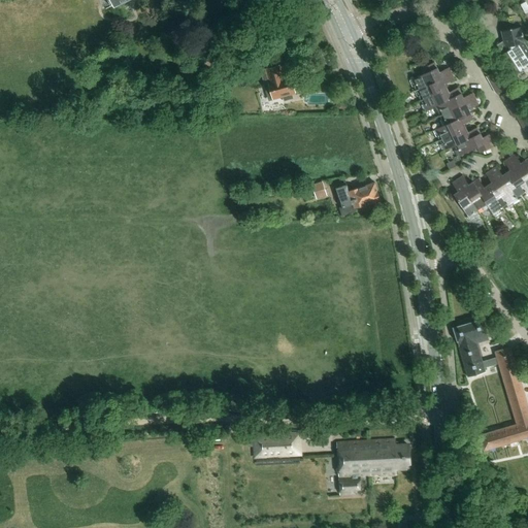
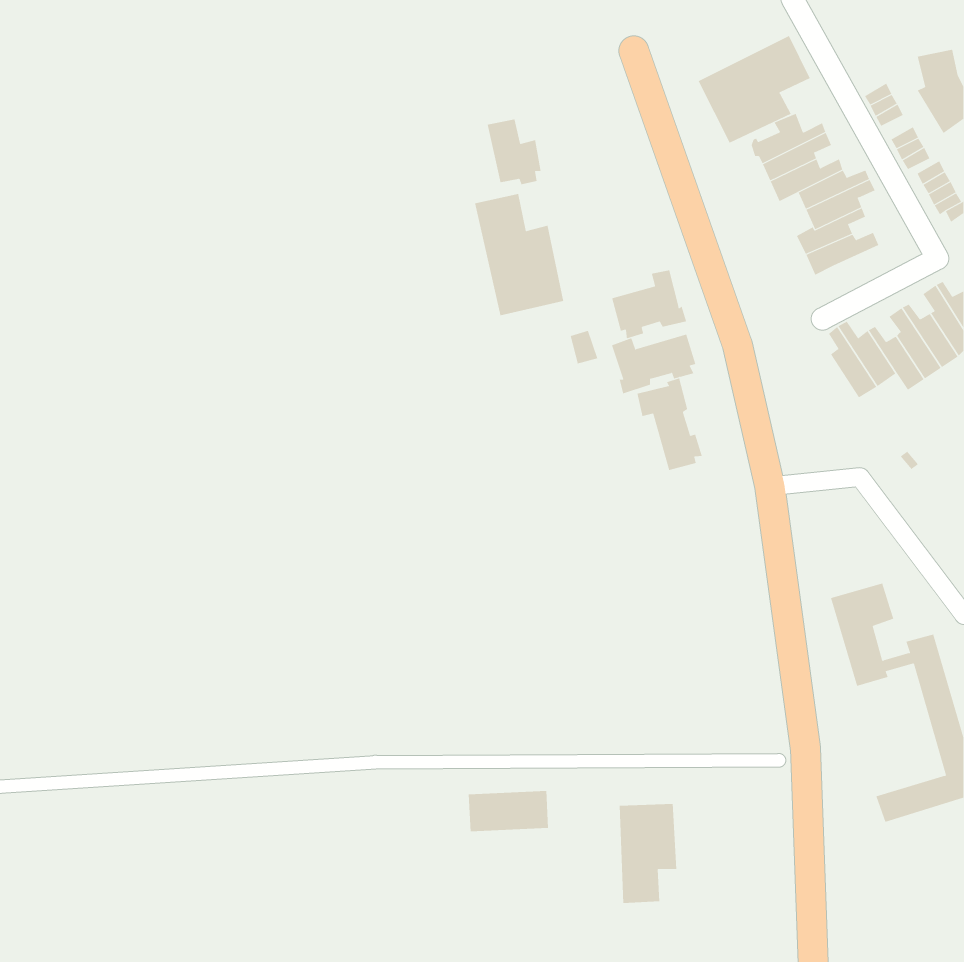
building: none -> [698,35,810,143]
building: none -> [475,193,564,316]
building: [456,132,495,155] -> none
building: none -> [611,270,687,339]
building: none -> [637,377,703,471]
building: [368,437,410,475] -> none

